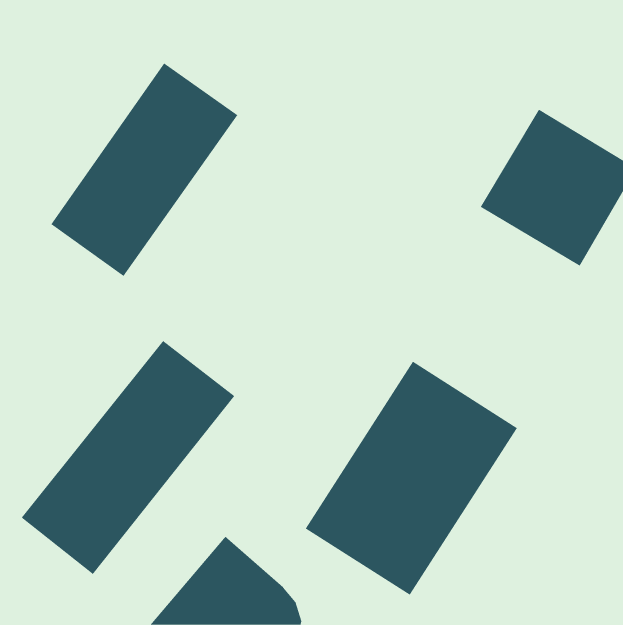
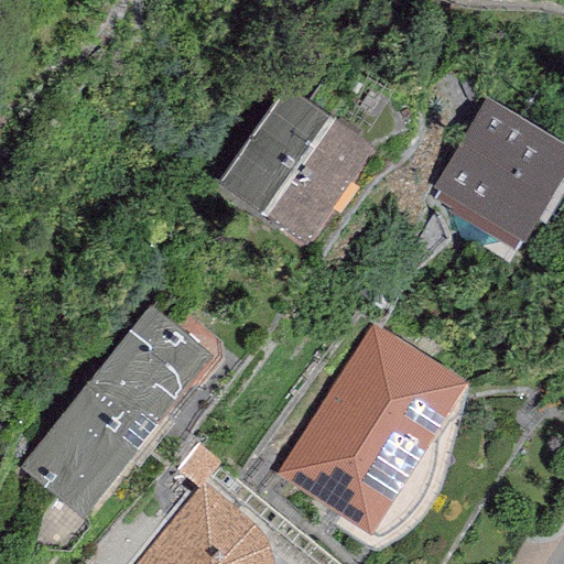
building: [51,63,238,277] -> none
building: none -> [217,86,375,246]

